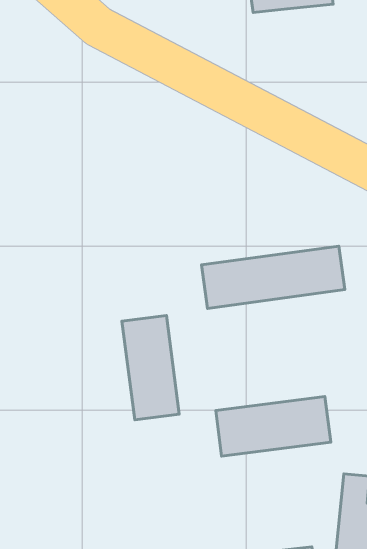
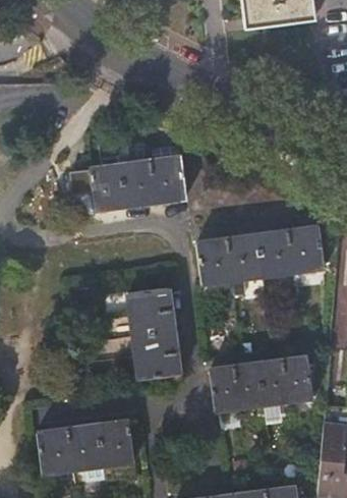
building: none -> [80,158,193,216]
building: none -> [40,422,135,476]

